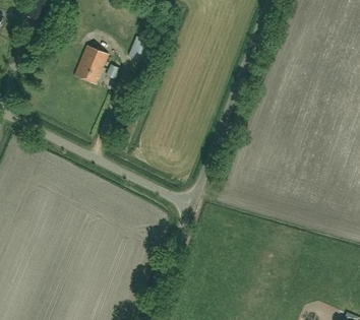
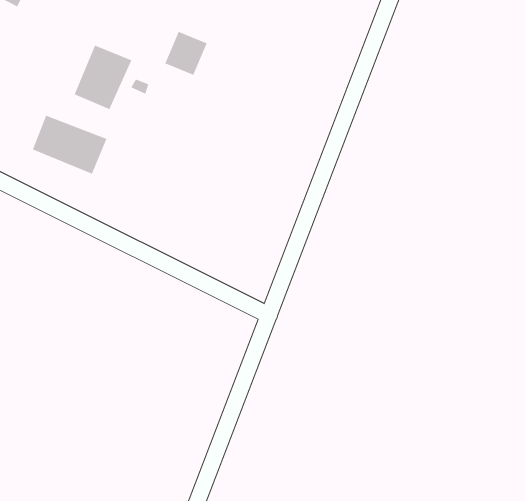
building: none -> [32,115,107,175]

